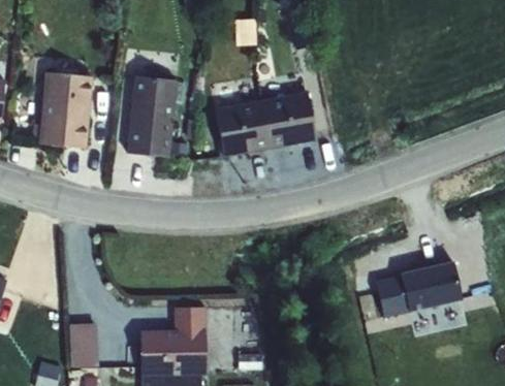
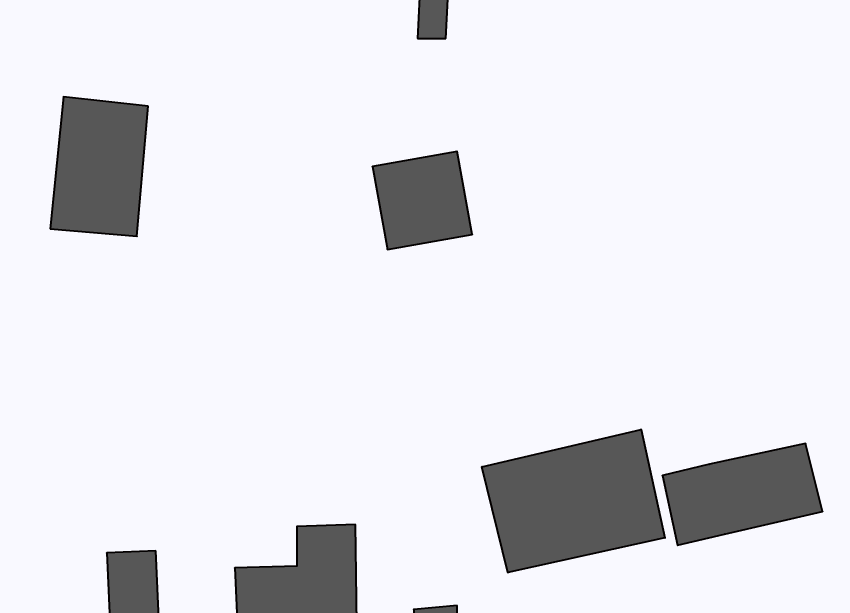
building: [127,75,177,157] -> none
building: [261,93,315,147] -> none
building: none -> [482,429,665,573]

